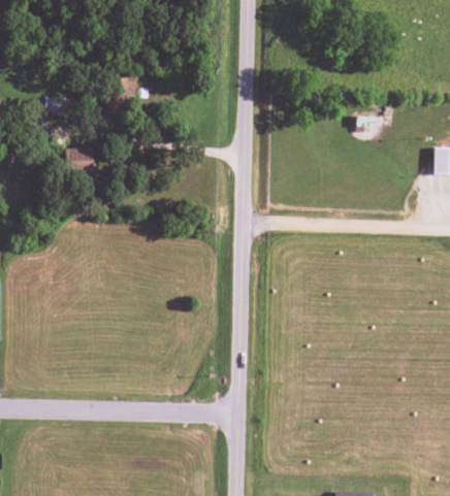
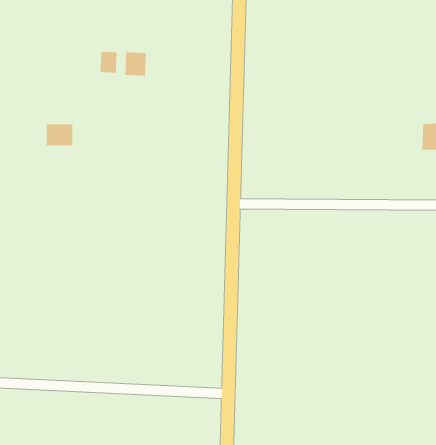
building: none -> [125,51,147,77]

